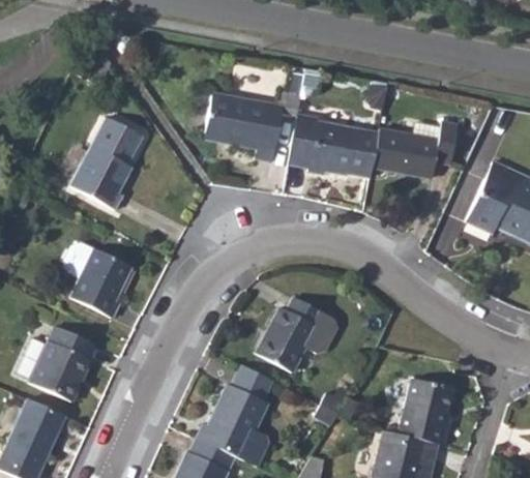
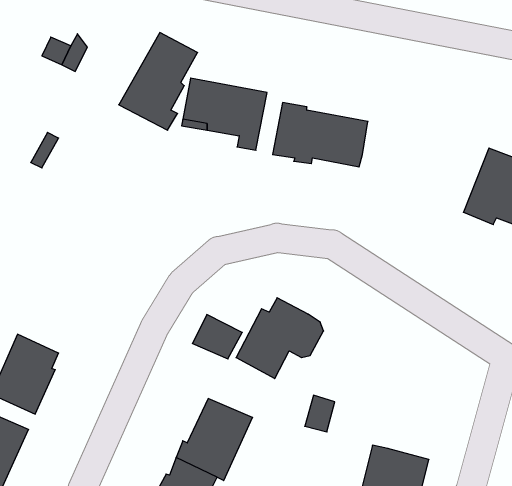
building: [72,118,146,209] -> [119,33,198,130]
building: [374,119,459,174] -> none
building: [65,247,132,319] -> none
building: [234,366,281,408] -> [192,315,242,359]
building: [398,383,451,449] -> none

